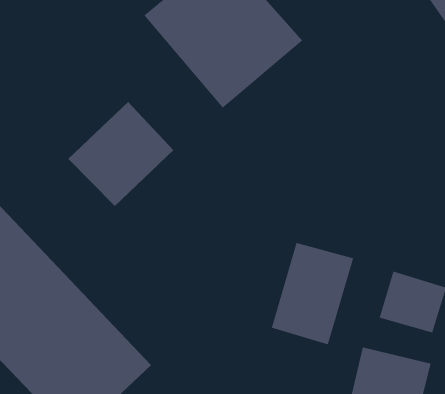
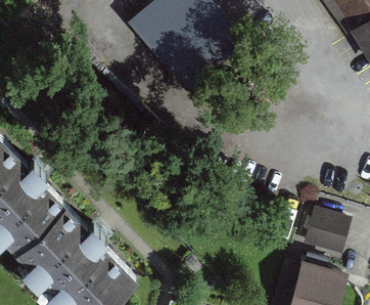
building: [67,101,174,207] -> none
building: [271,242,354,345] -> none

